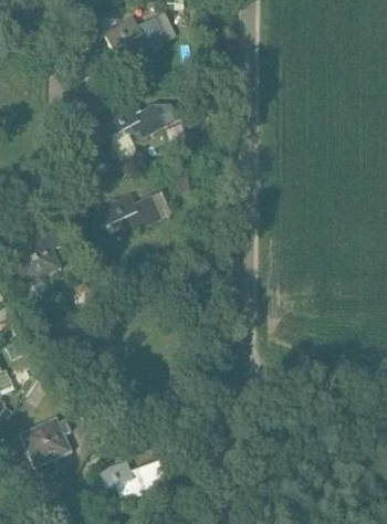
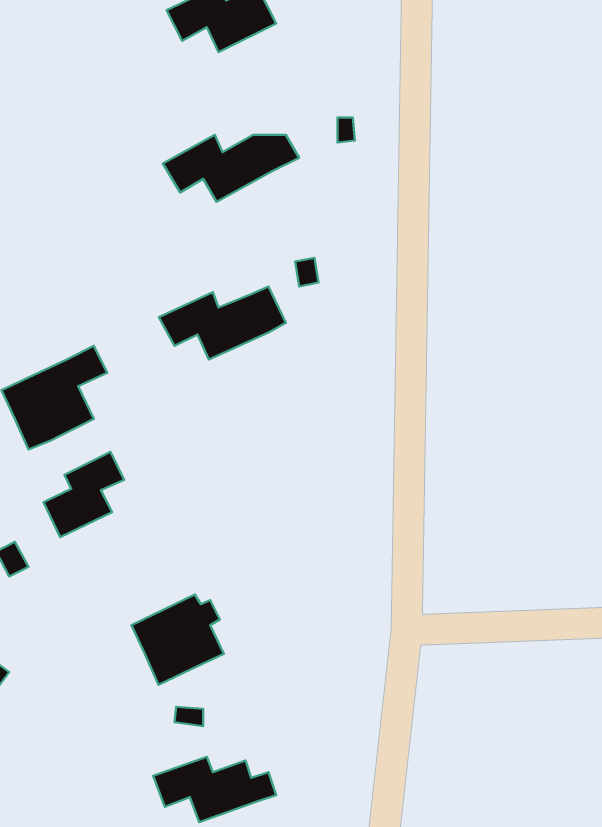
building: none -> [43,452,124,537]
building: [19,417,72,469] -> [132,594,224,685]

